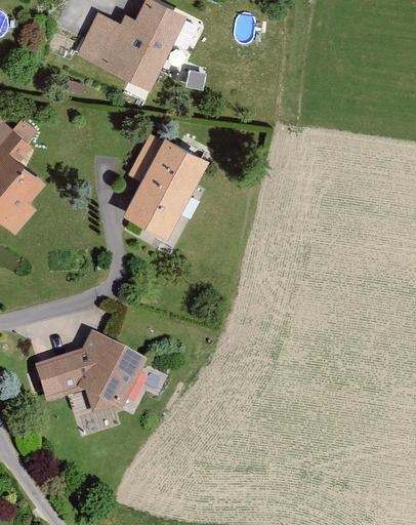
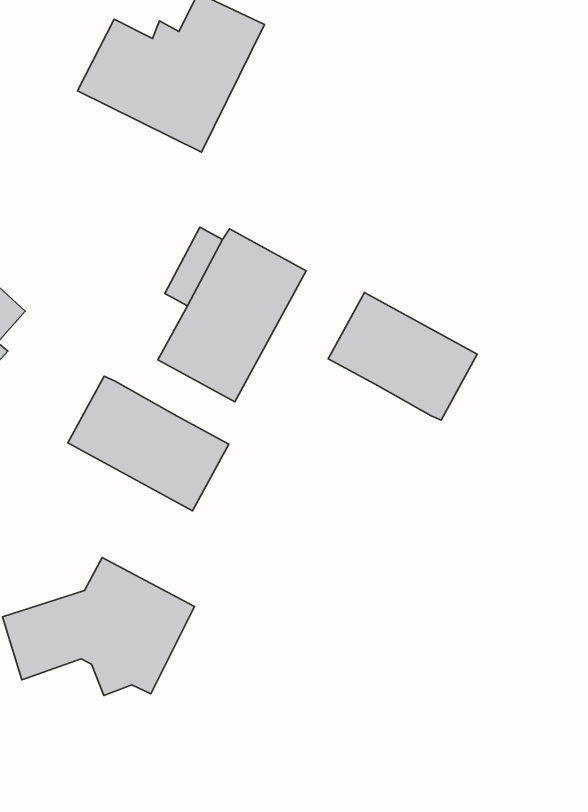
building: none -> [328,293,477,420]
building: none -> [68,376,229,511]

